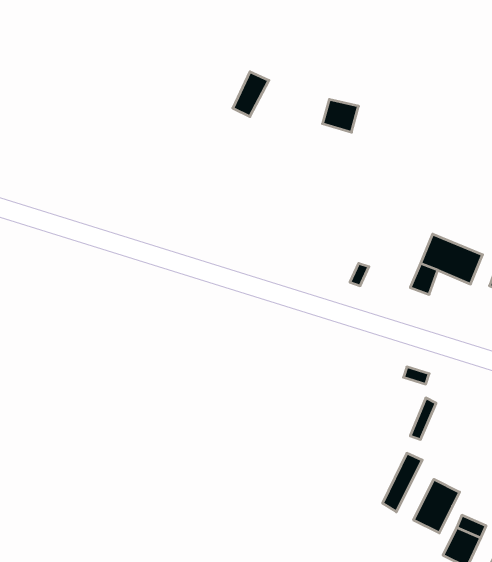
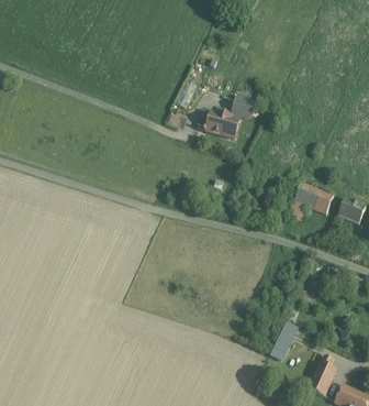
building: none -> [198,109,241,136]
building: [414,479,460,533] -> none

